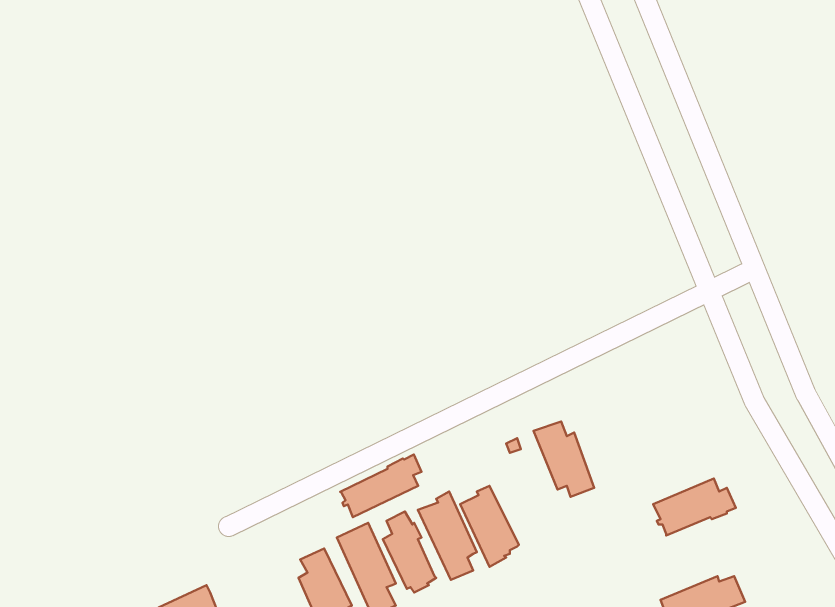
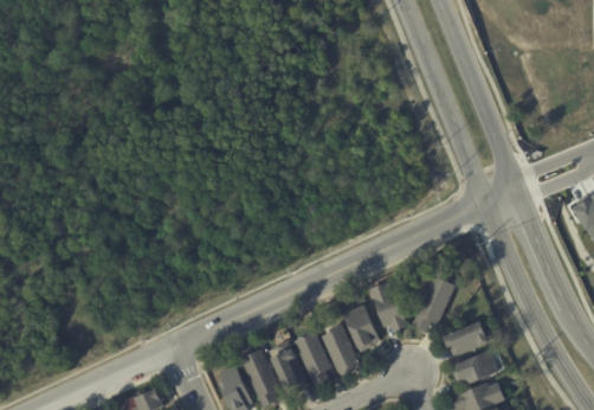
building: none -> [412,270,456,333]
building: none -> [342,305,379,352]
building: [340,455,421,517] -> none
building: none -> [451,351,498,386]

